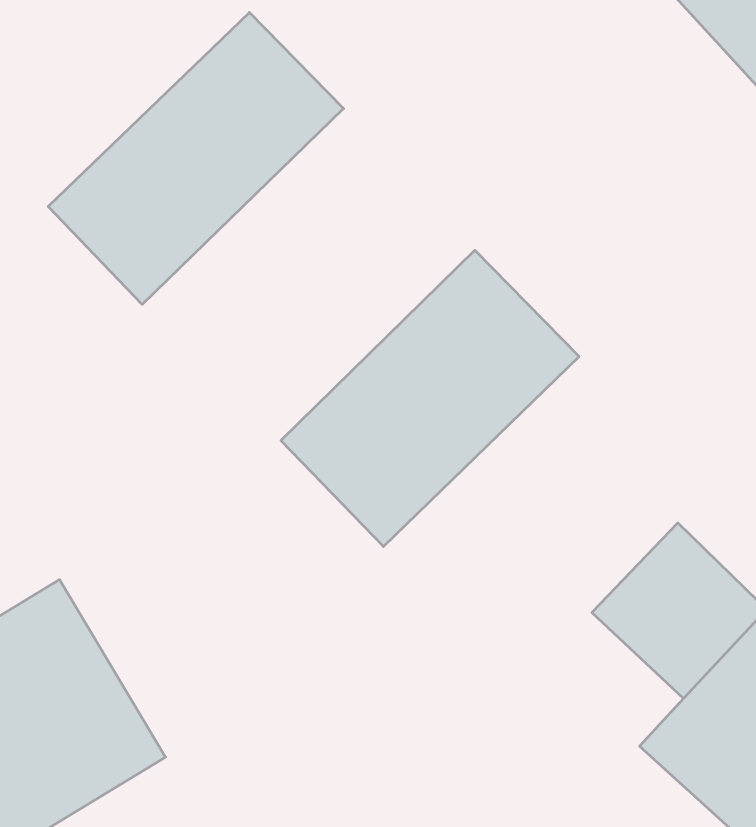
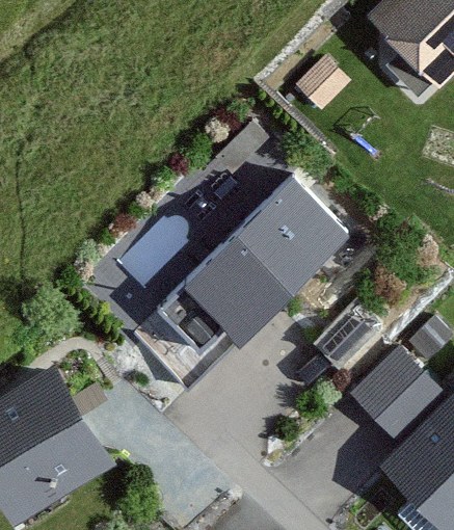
building: [48,12,344,304] -> none

